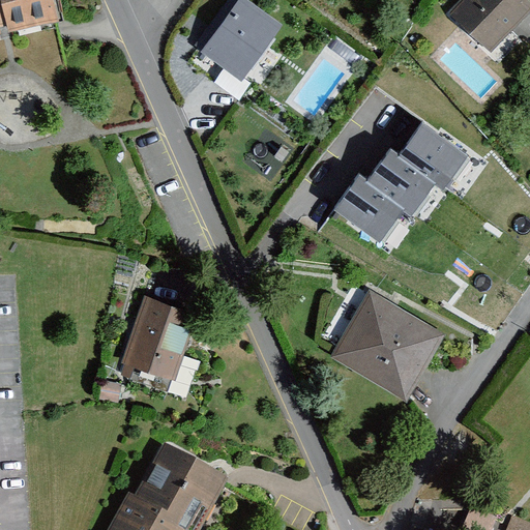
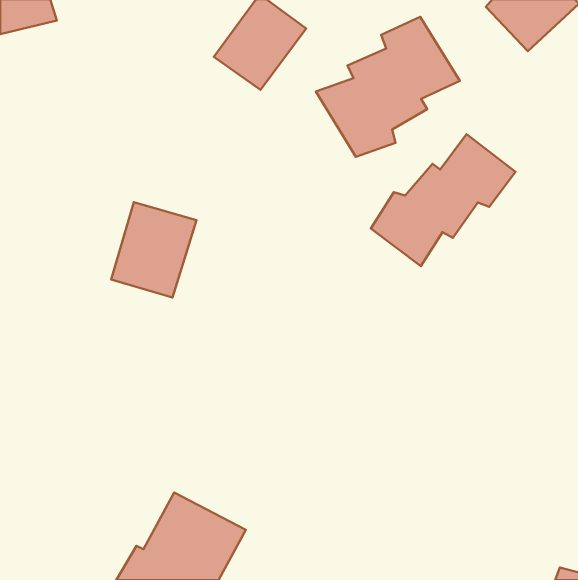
building: none -> [316,17,460,157]
building: [326,285,445,403] -> none
building: [116,298,194,385] -> [111,202,197,298]

